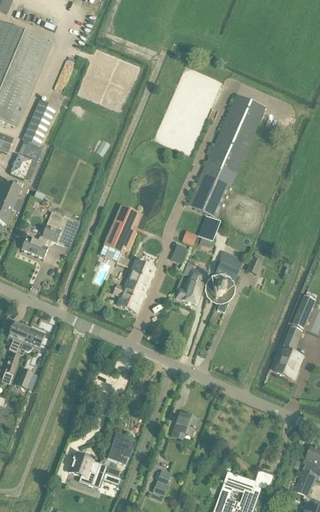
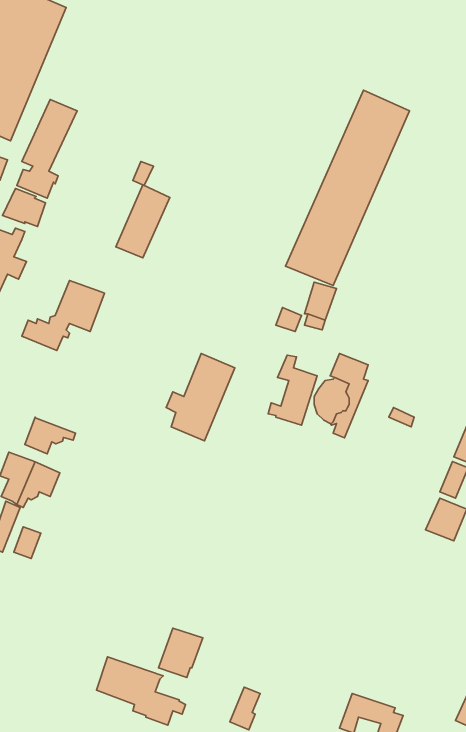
building: [104,205,138,251] -> [116,185,170,258]
building: none -> [25,417,76,454]
building: [171,413,198,438] -> none

